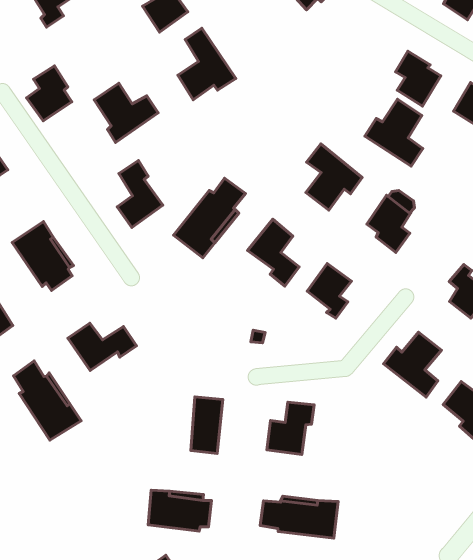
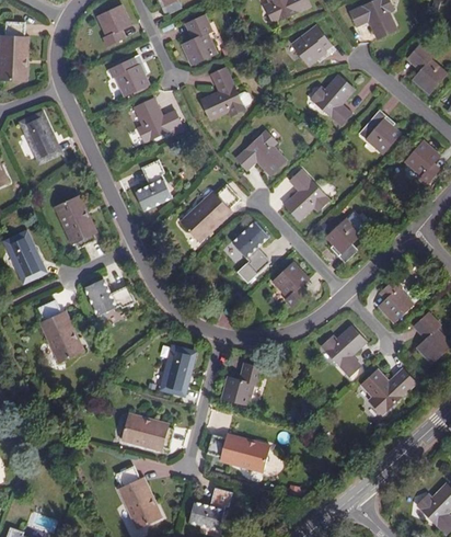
building: [27,66,72,121] -> [115,57,149,98]
building: [365,99,423,166] -> [309,73,355,126]
building: none -> [234,130,286,176]

